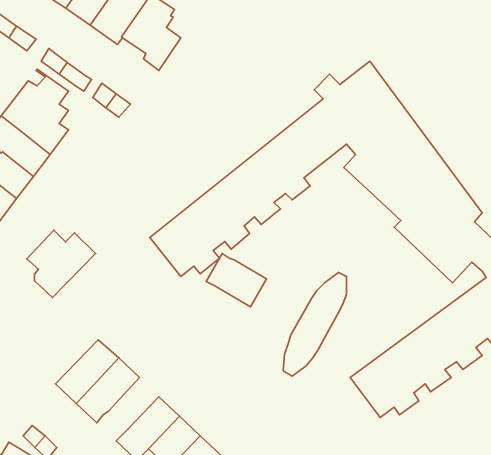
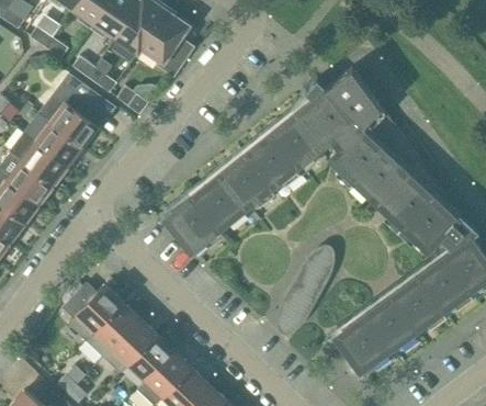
building: [27,230,95,298] -> [64,283,122,340]
building: [206,254,266,307] -> none
building: none -> [131,335,173,379]

